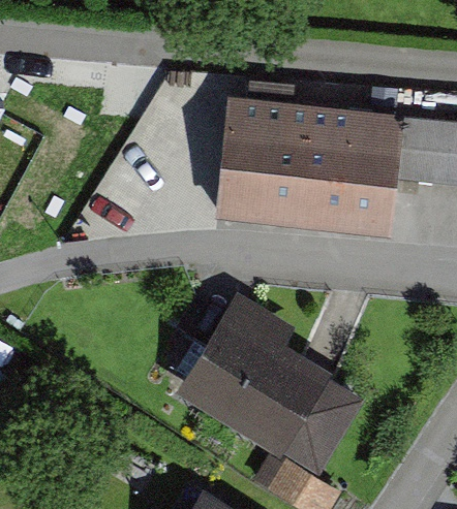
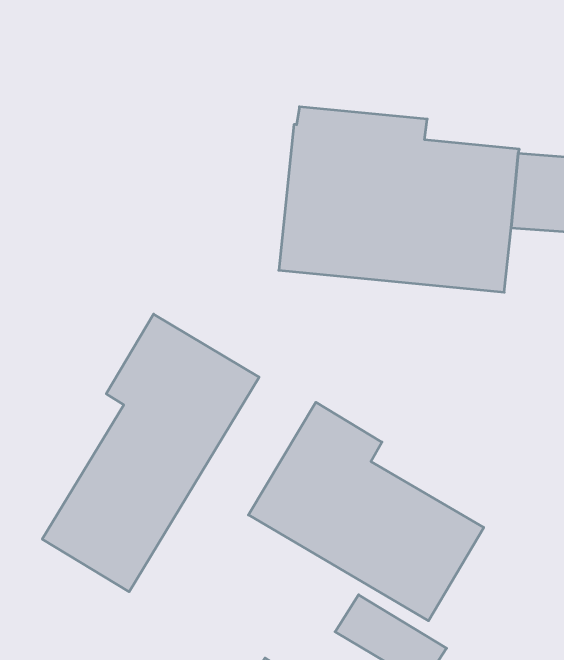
building: none -> [42,314,259,592]

